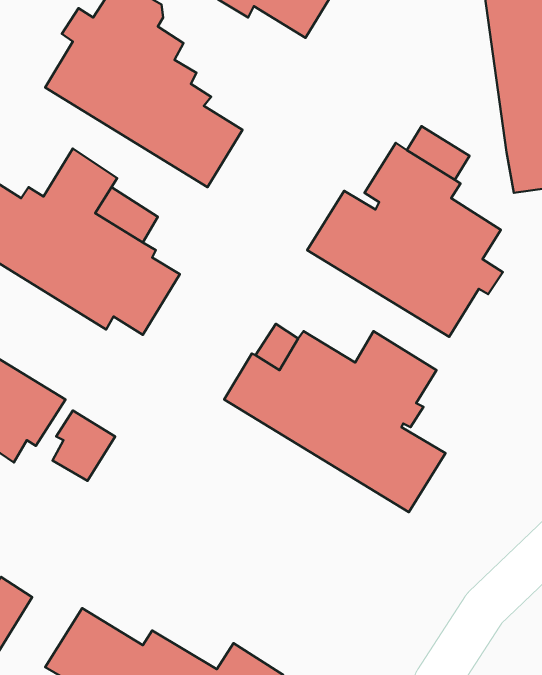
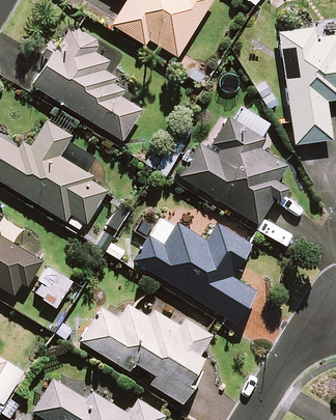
building: none -> [80,303,213,403]

